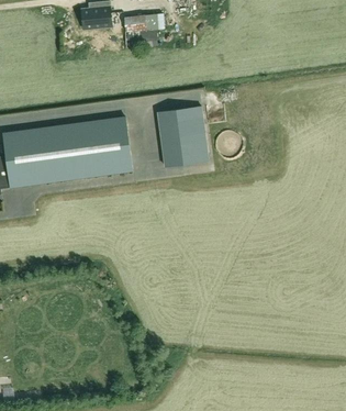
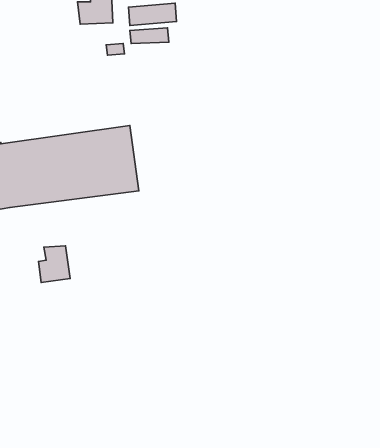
building: [157,104,209,166] -> none
building: none -> [39,246,70,282]

